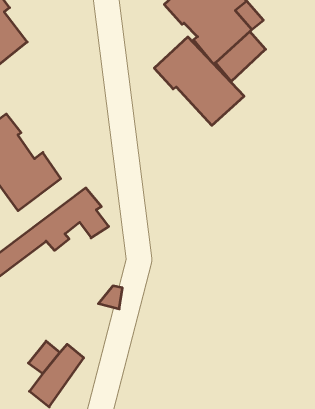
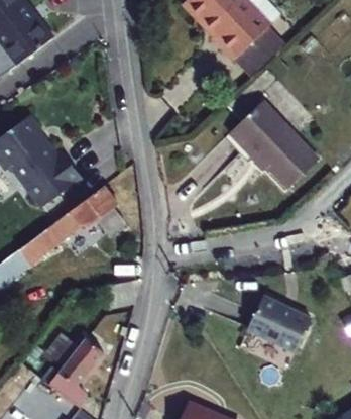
building: [154,37,244,125] -> [229,105,316,191]
building: none -> [250,297,314,353]

